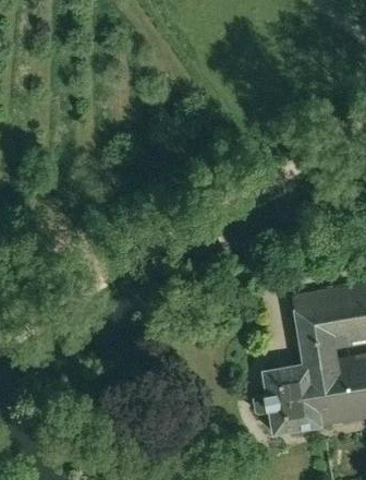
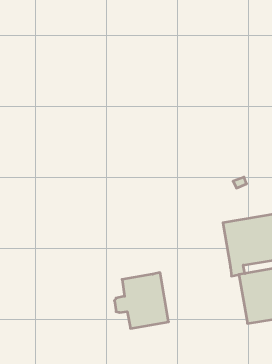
building: [253,361,322,433] -> [114,273,169,328]

